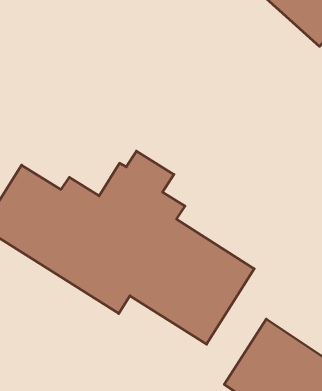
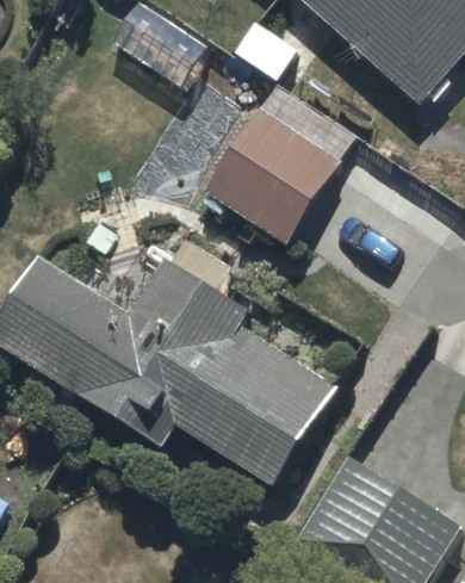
building: none -> [203,83,348,243]

